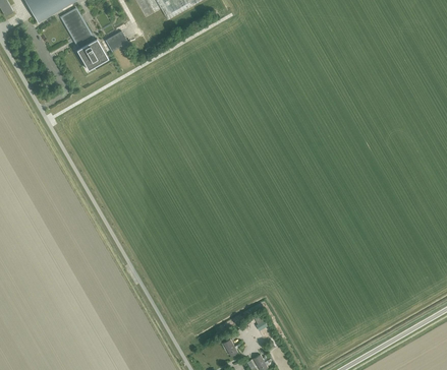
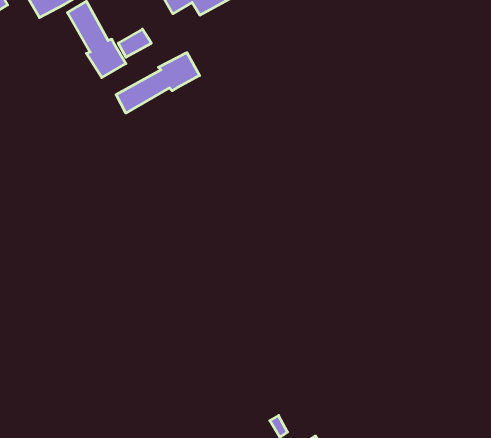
building: none -> [116,53,200,113]

